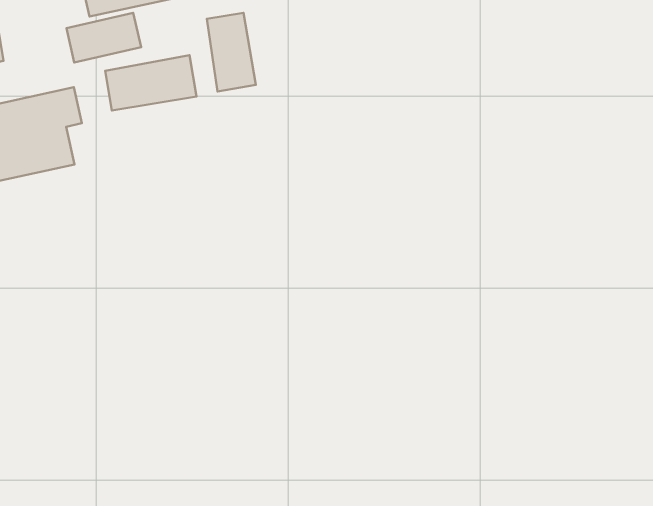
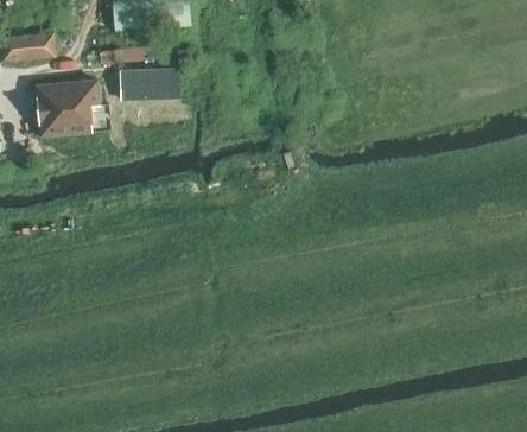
building: [207,13,256,91] -> none

